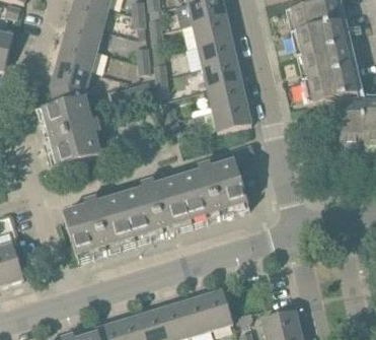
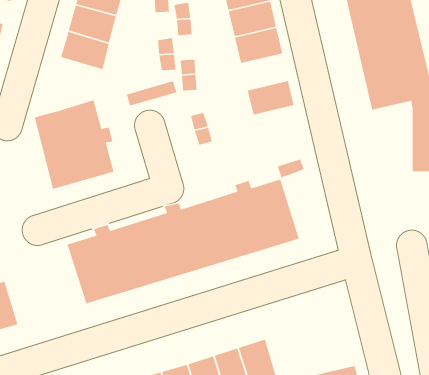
building: [203,58,241,87] -> none
building: [51,61,92,104] -> none
building: [213,99,251,130] -> none

